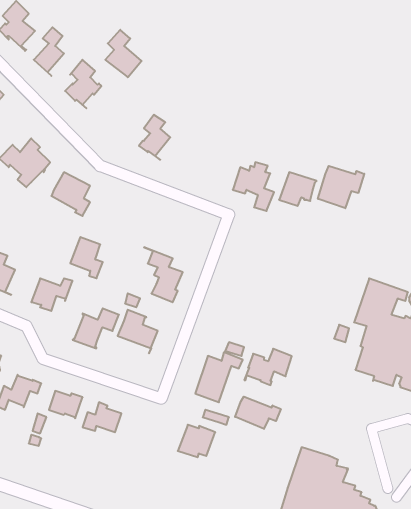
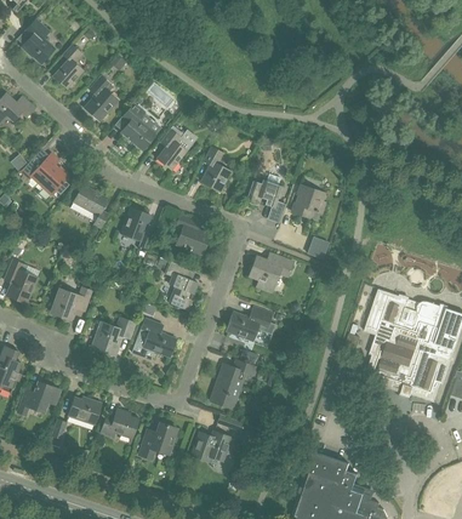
building: [105,30,142,77] -> [120,103,155,149]
building: none -> [201,146,229,192]
building: [318,166,364,208] -> none
building: none -> [173,213,209,256]
building: [70,237,103,278] -> [121,207,153,247]
building: none -> [249,256,293,292]
building: [244,349,292,385] -> [226,306,272,341]
building: [235,397,281,429] -> none
building: none -> [138,422,177,458]

